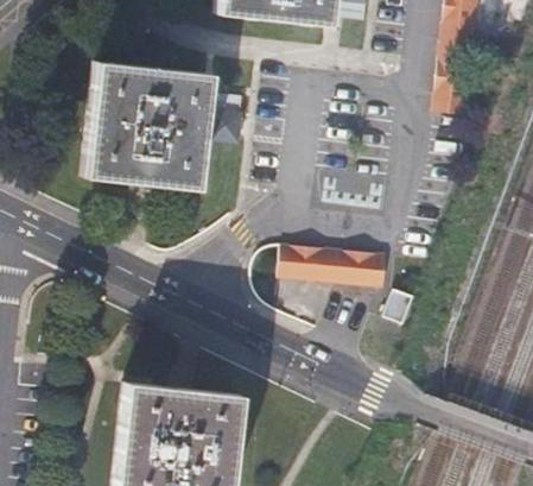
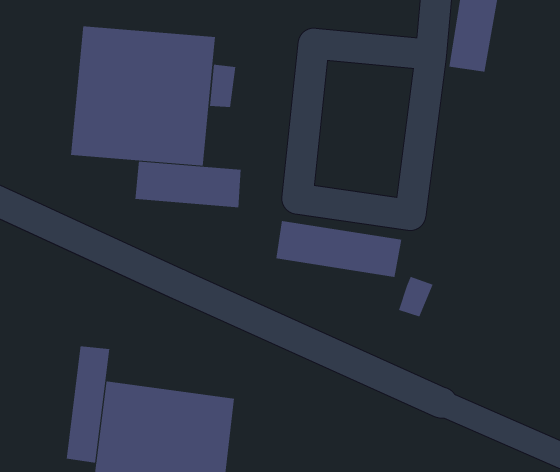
building: none -> [135,161,241,208]
building: none -> [66,346,110,463]

